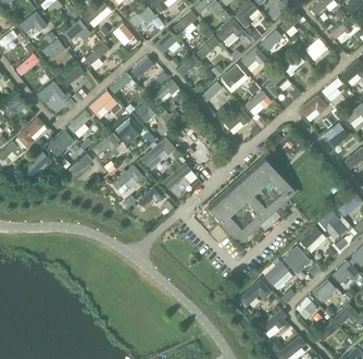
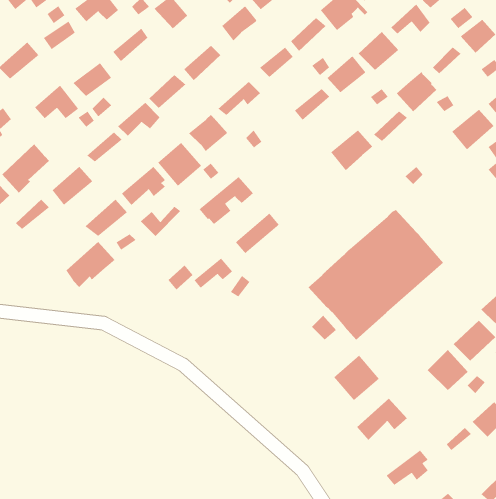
building: [112,165,143,195] -> [65,241,116,288]
building: [264,262,293,292] -> [333,355,380,401]

